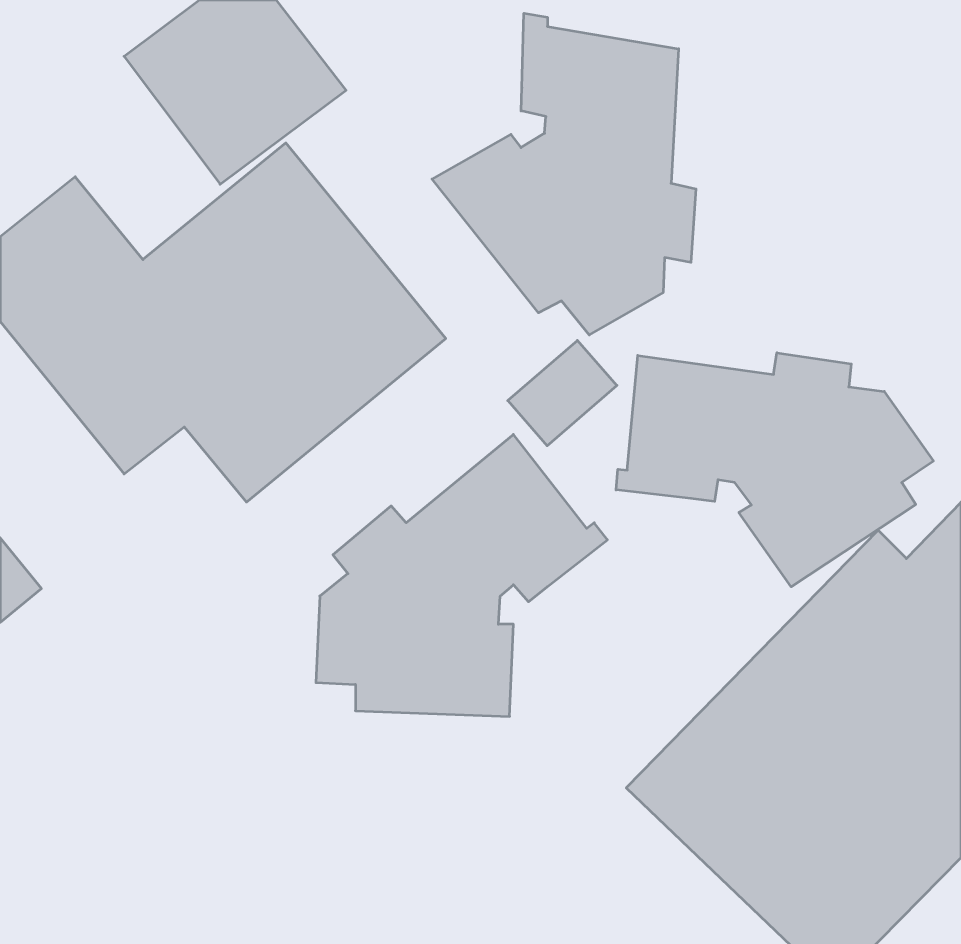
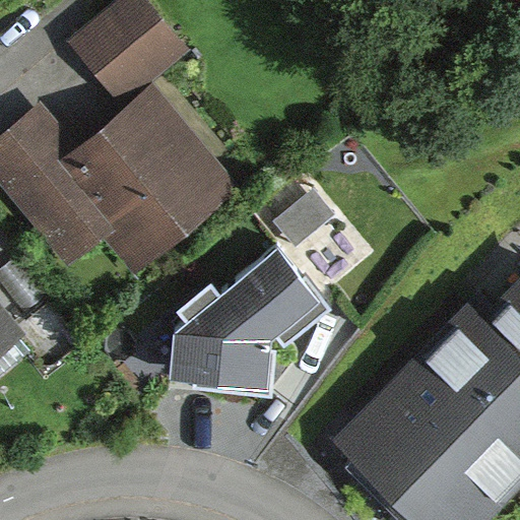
building: [432,13,696,335] -> none
building: [616,353,933,587] -> none

